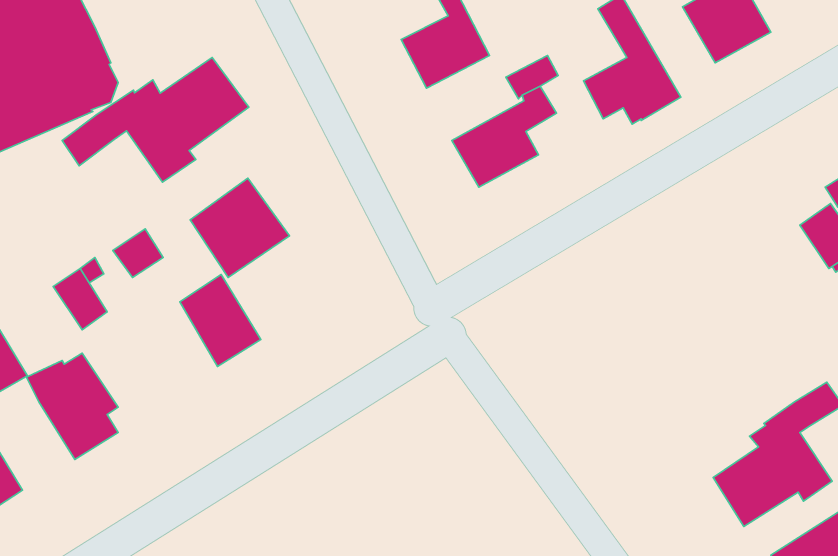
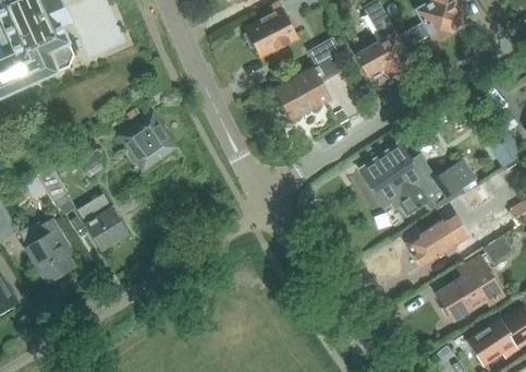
building: [62,58,249,182] -> none
building: none -> [359,143,478,215]
building: [180,275,261,367] -> [78,194,127,250]
building: none -> [407,211,482,267]

